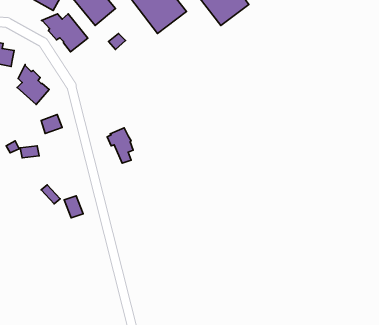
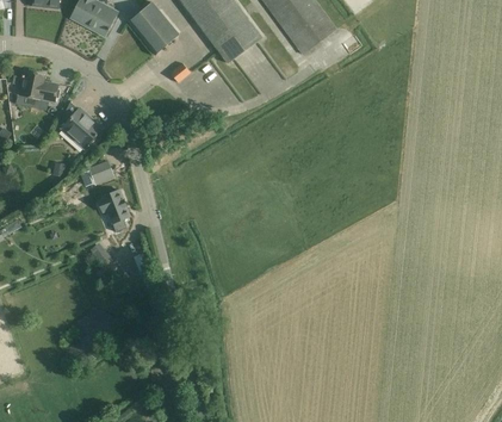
building: [41,14,88,52] -> none
building: [107,128,133,163] -> [98,190,129,231]

